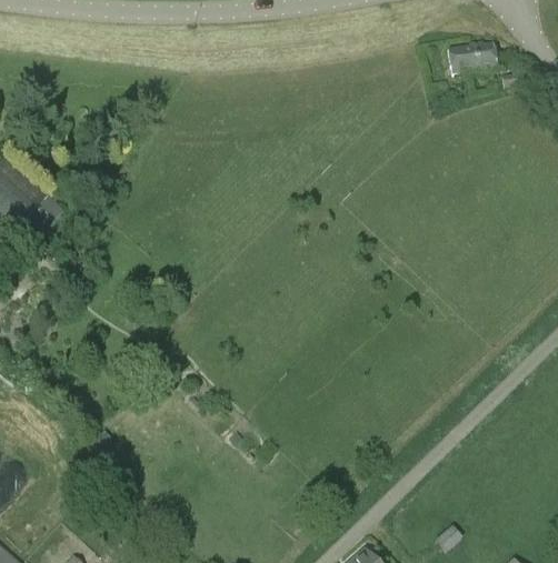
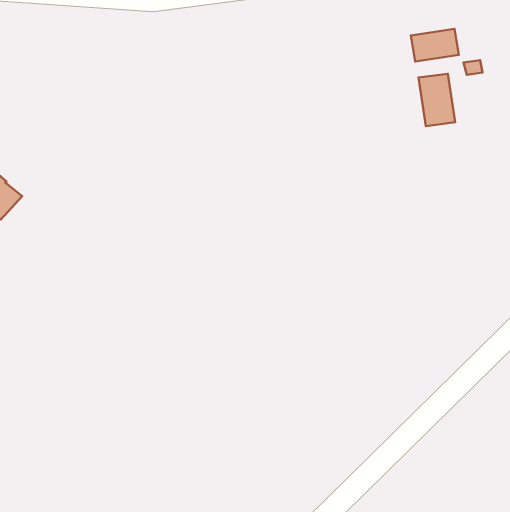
building: none -> [418,74,455,126]

